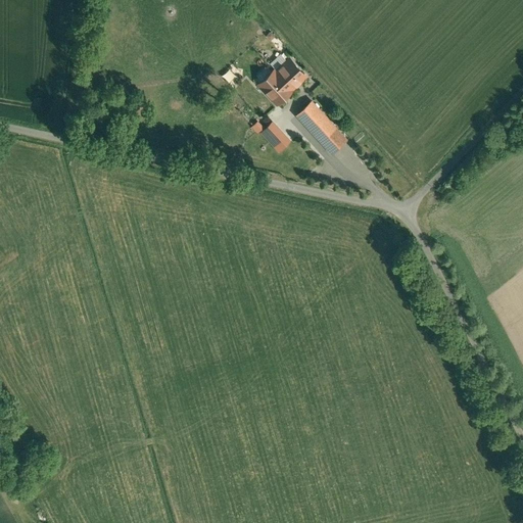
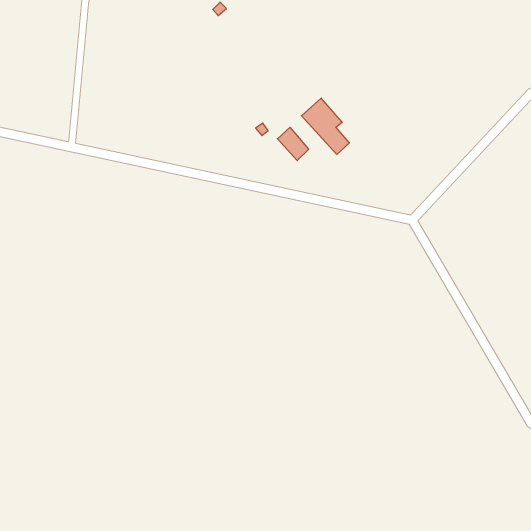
building: [258,61,302,104] -> none

